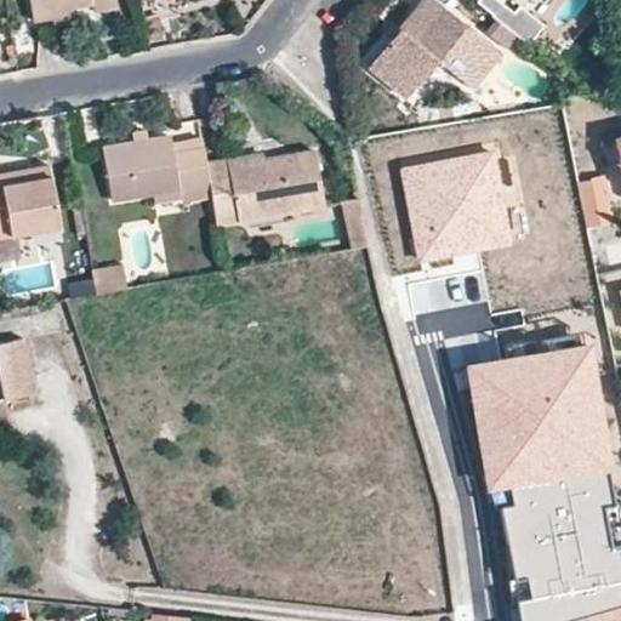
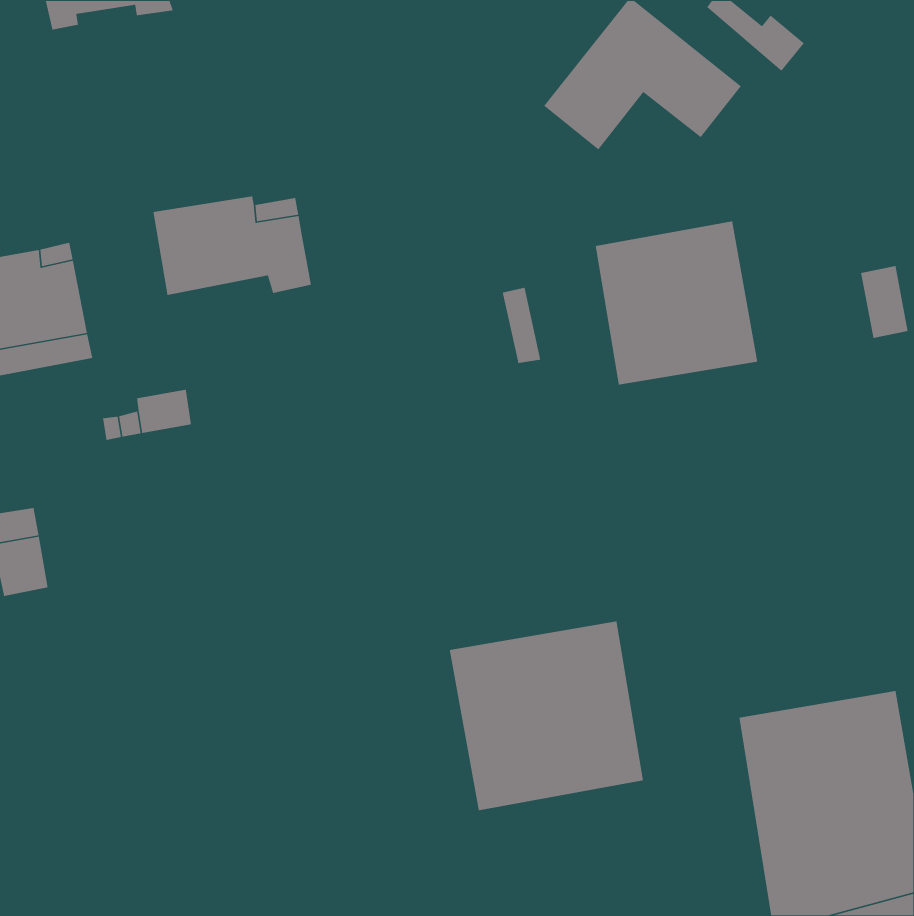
building: [205,148,325,223] -> none
building: [466,342,606,488] -> none
building: none -> [449,621,644,811]

